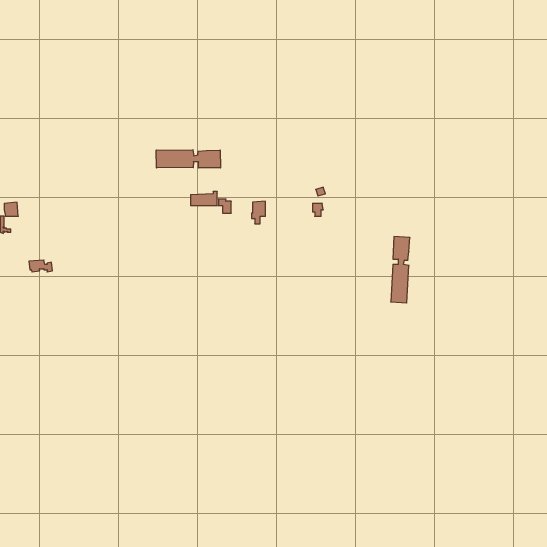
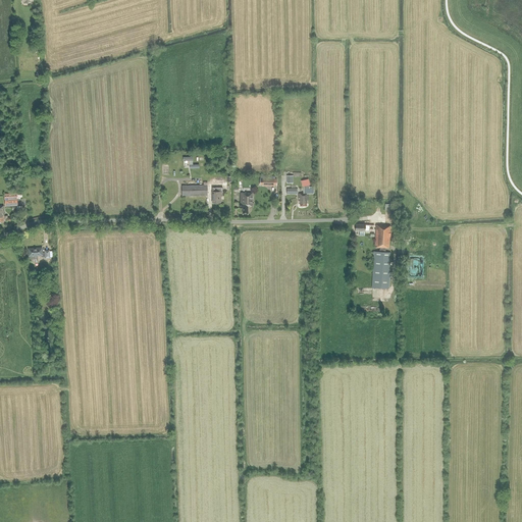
building: [156,150,220,168] -> none

